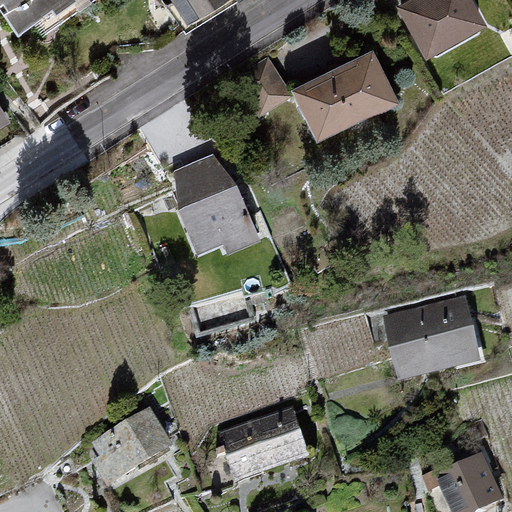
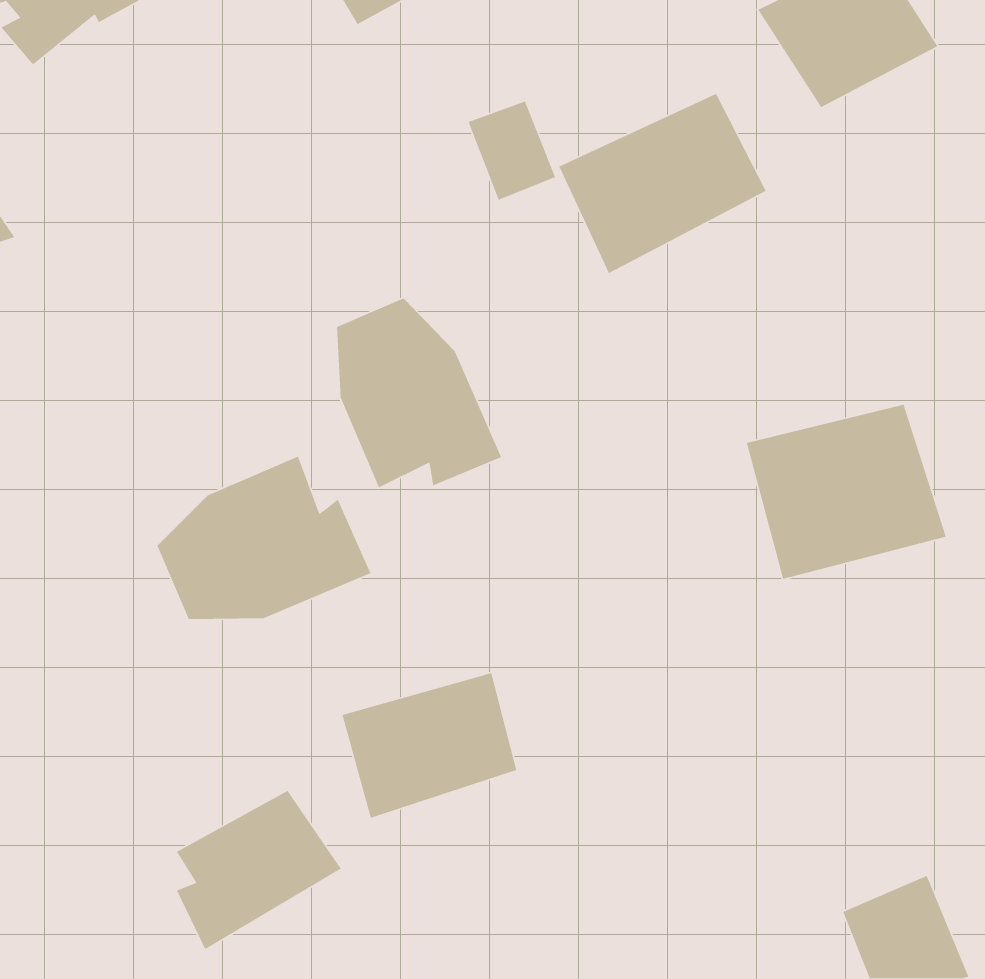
building: none -> [156,455,371,620]
building: [382,295,486,386] -> [746,404,947,580]
building: [219,409,310,485] -> [341,672,517,819]

